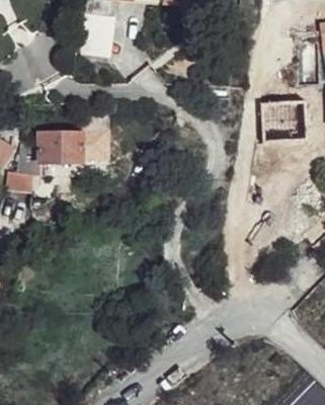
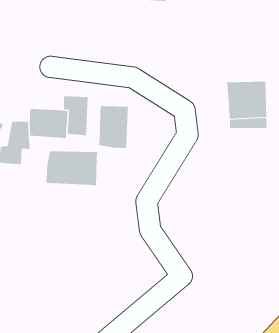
building: none -> [99,105,129,149]
building: none -> [46,150,98,186]

